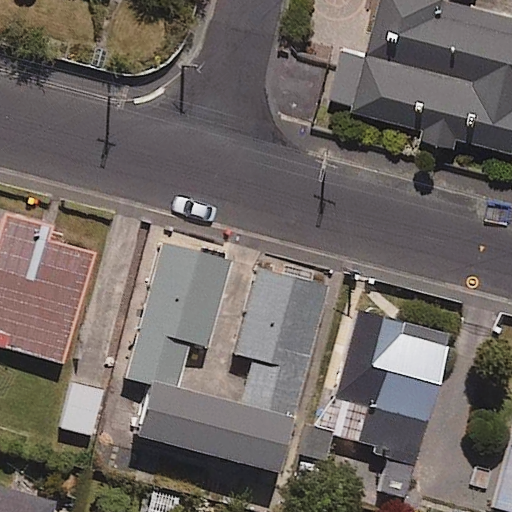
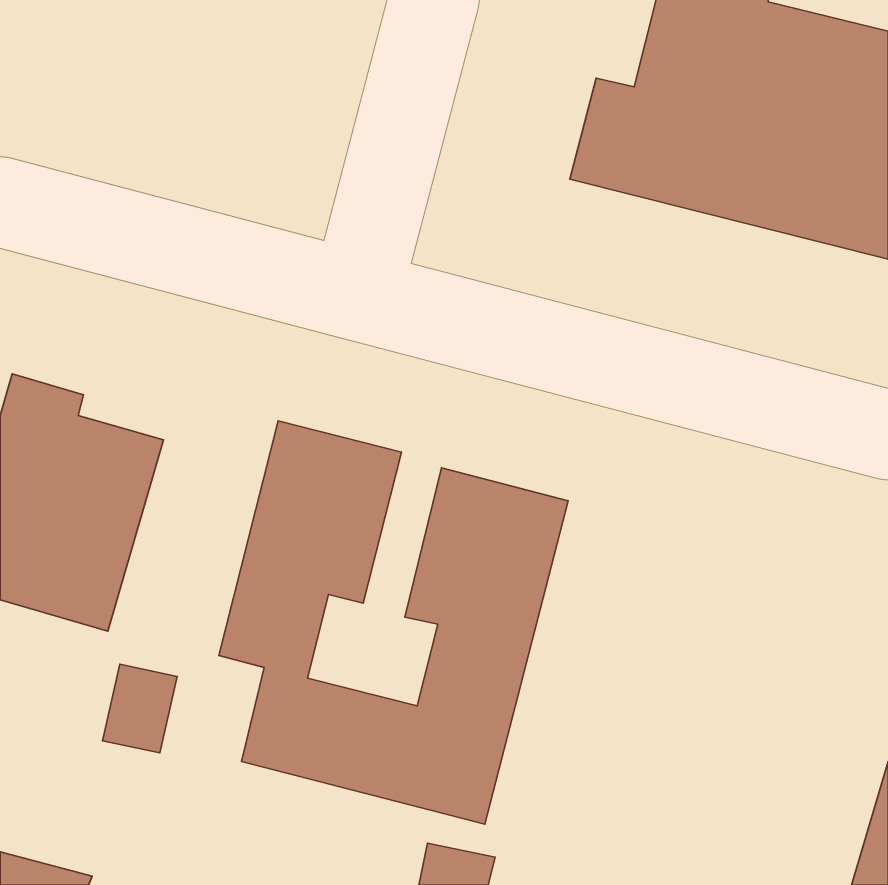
building: [320,308,453,496] -> none

